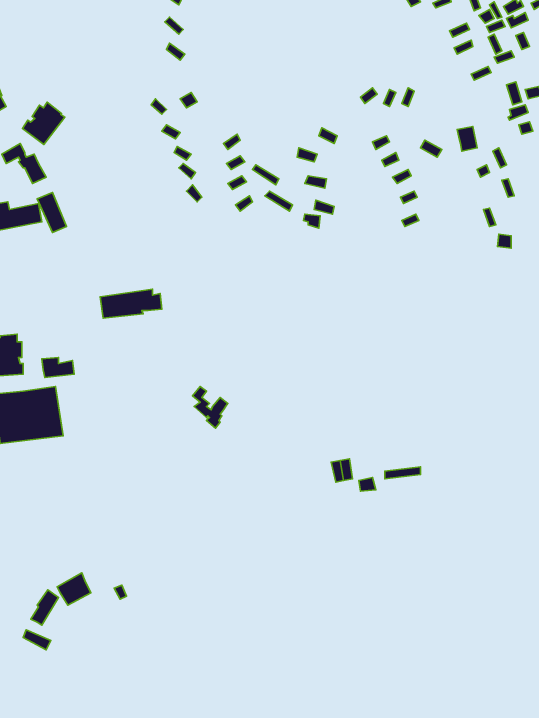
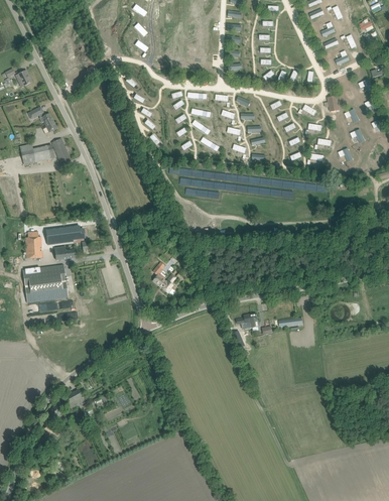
building: [23,102,65,144] -> none
building: [100,289,162,318] -> [44,225,85,244]

